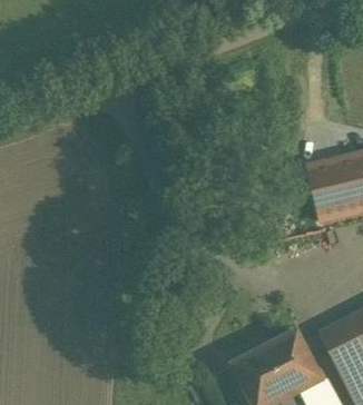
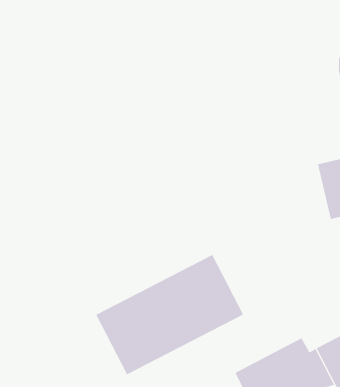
building: none -> [95,254,244,375]

